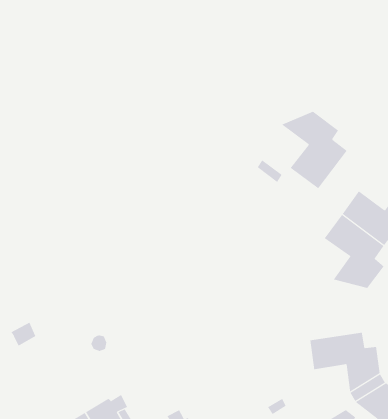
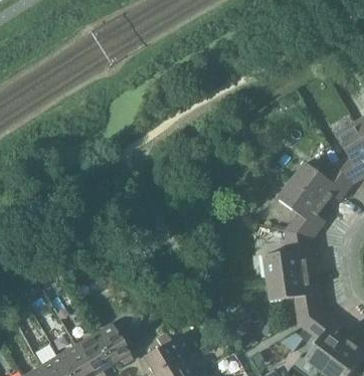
building: [281,111,348,189] -> none
building: none -> [263,231,316,278]

